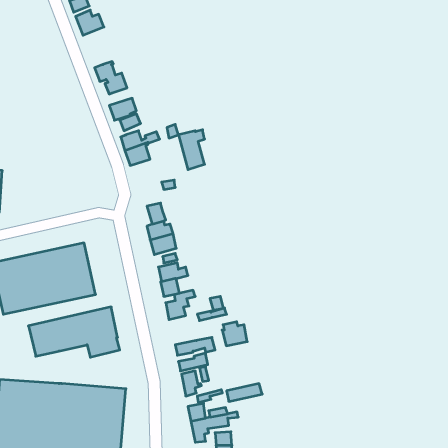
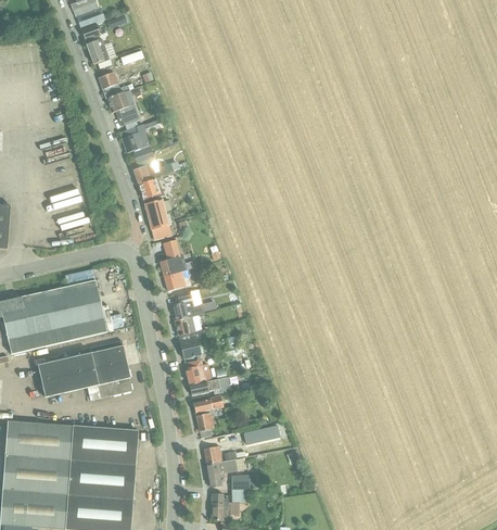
building: none -> [97,72,132,99]
building: [178,130,205,170] -> [143,199,170,240]
building: [222,322,247,346] -> [184,359,211,384]

